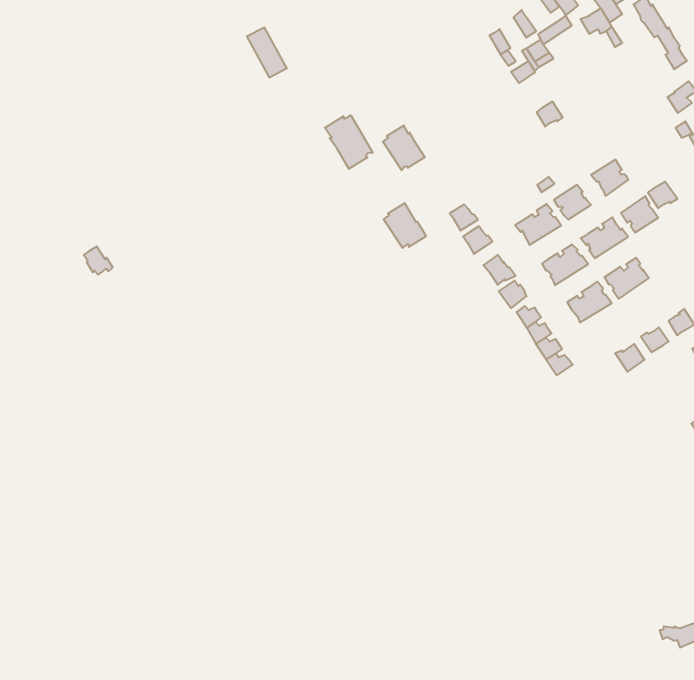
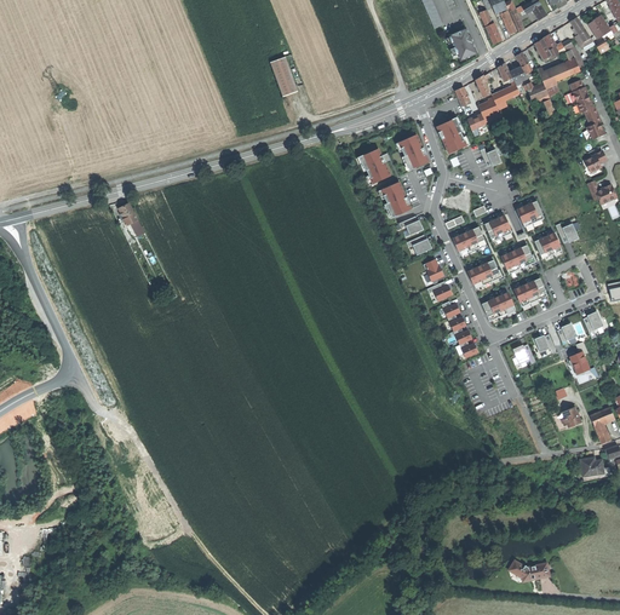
building: none -> [436,120,466,154]
building: none -> [400,134,429,168]
building: [325,115,373,169] -> none
building: [384,203,426,248] -> [381,182,412,215]

